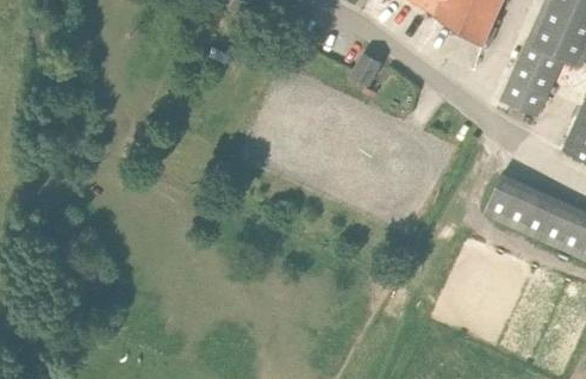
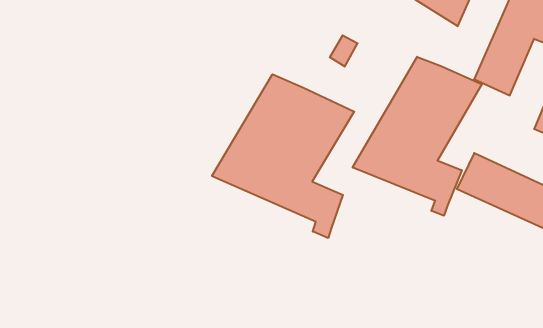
building: none -> [353,57,482,216]
building: none -> [212,74,354,238]

